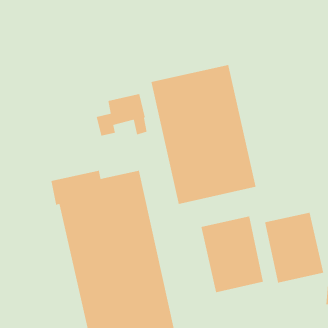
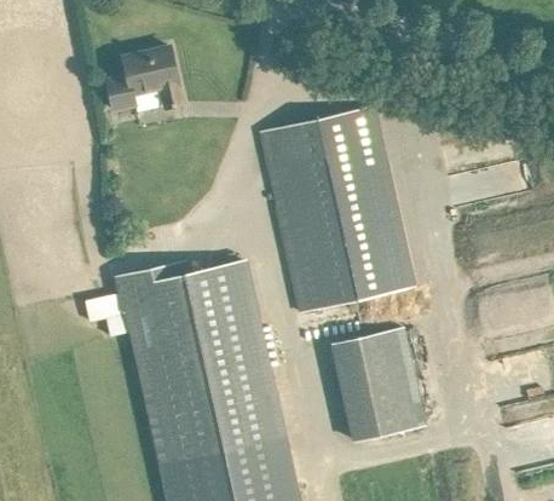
building: [96,93,147,136] -> [106,47,181,110]
building: [264,212,324,283] -> none

